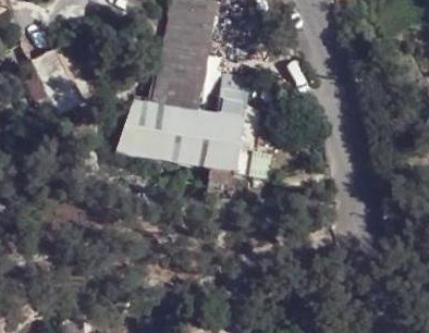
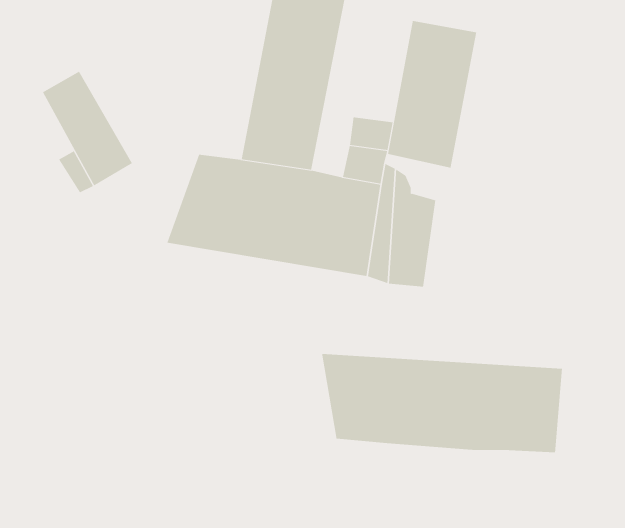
building: none -> [388,20,477,169]
building: none -> [322,353,562,453]

